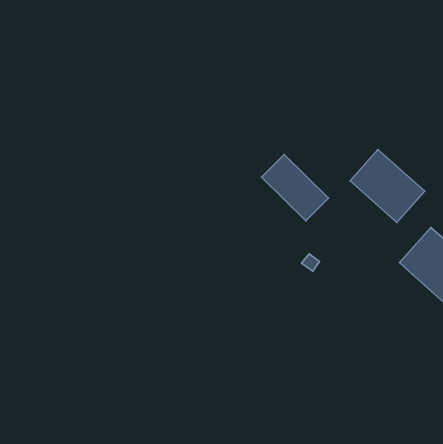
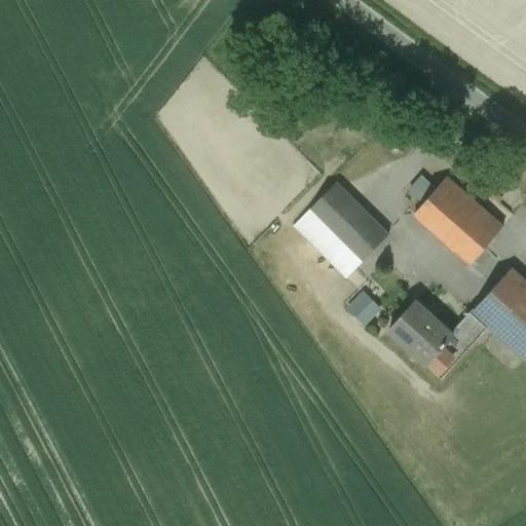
building: none -> [294,210,363,278]
building: none -> [389,301,488,375]

